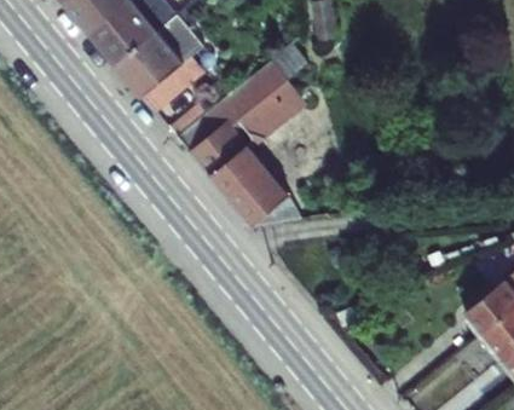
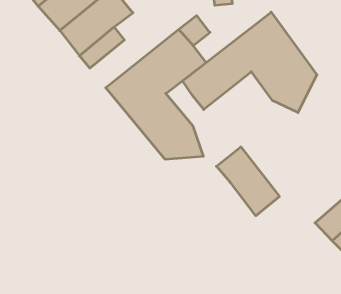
building: none -> [183,12,317,113]
building: none -> [216,147,279,216]

